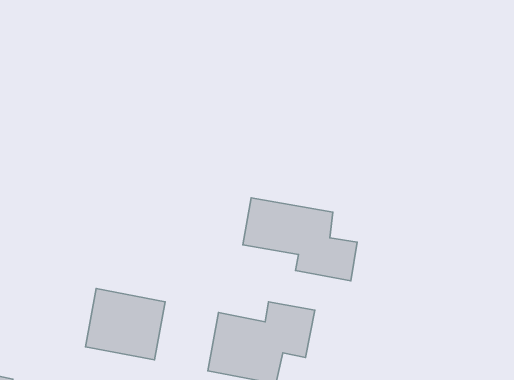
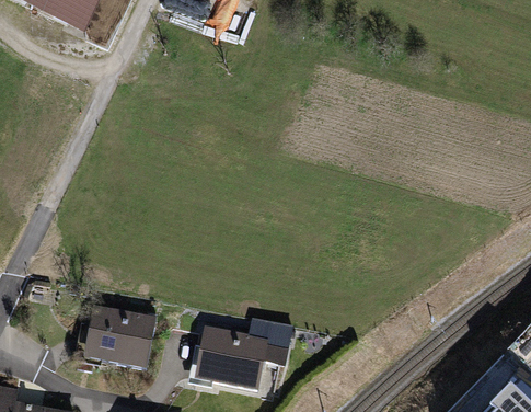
building: [243,198,357,281] -> none

